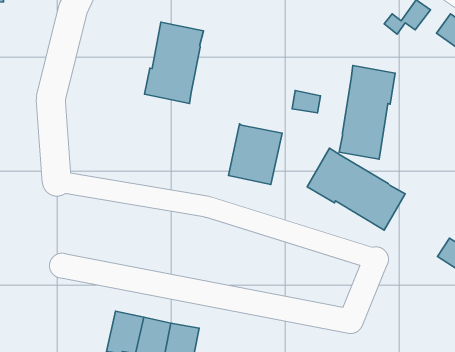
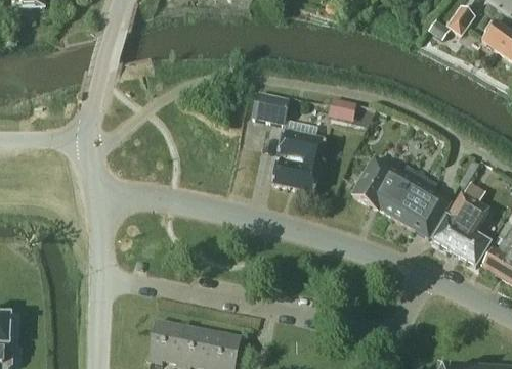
building: [145,22,203,103] -> none
building: [339,66,395,159] -> none
building: none -> [252,93,289,125]
building: none -> [432,190,489,265]

